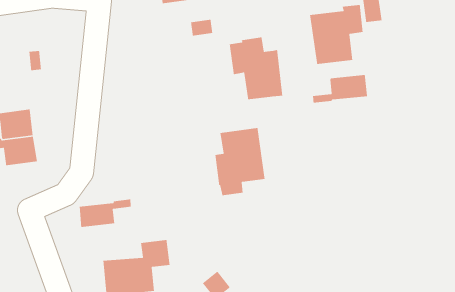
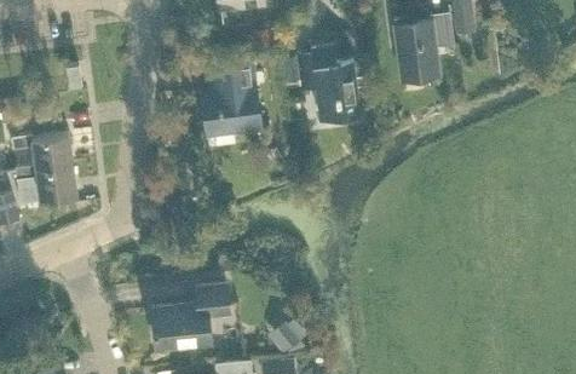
building: [312,74,368,103] -> none
building: [214,127,266,196] -> [201,67,260,146]
building: [79,199,131,228] -> none

